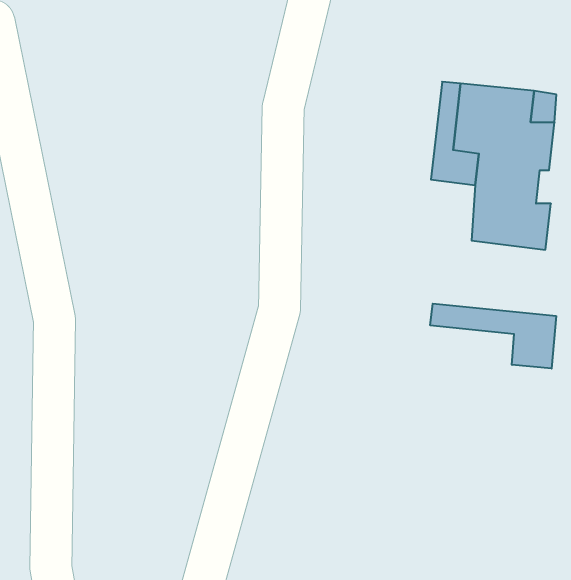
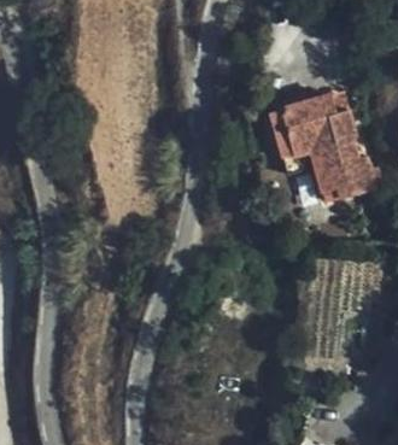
building: [430,304,556,369] -> none

